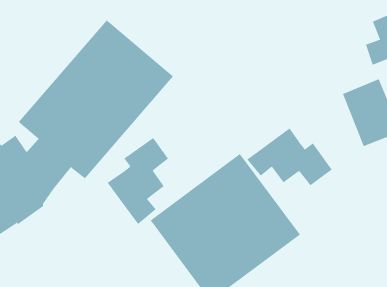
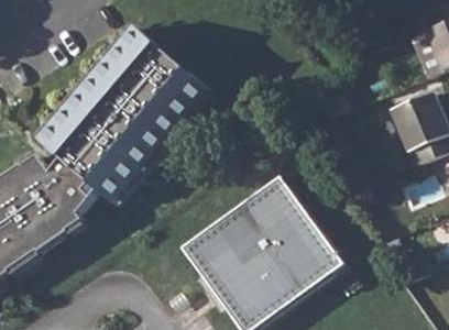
building: [247,127,333,186] -> none
building: [107,137,169,225] -> none

